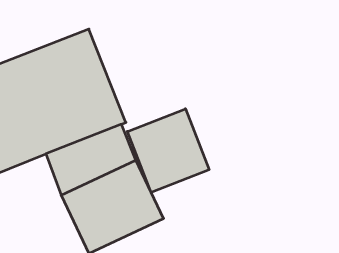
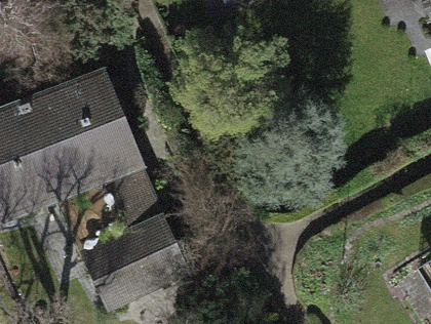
building: [127,109,209,192] -> none

